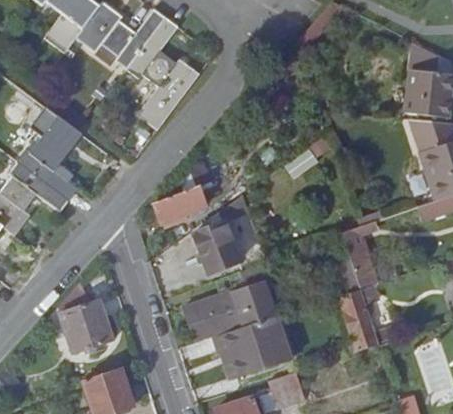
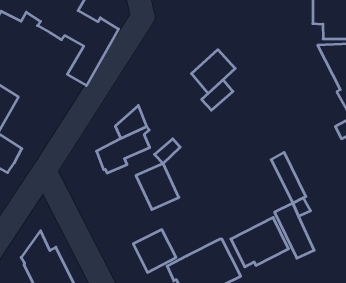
building: none -> [191,50,235,93]
building: [216,280,277,329] -> [231,217,289,267]

